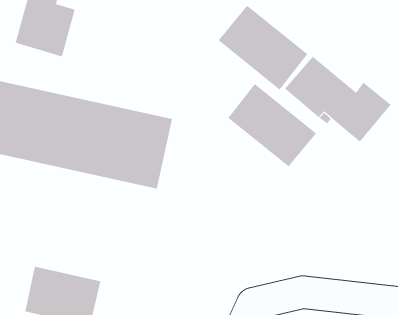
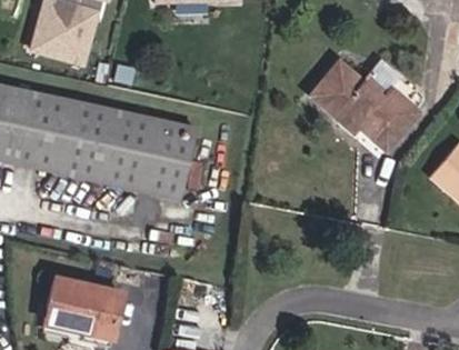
building: [218,5,308,90] -> none
building: [228,83,317,167] -> none

